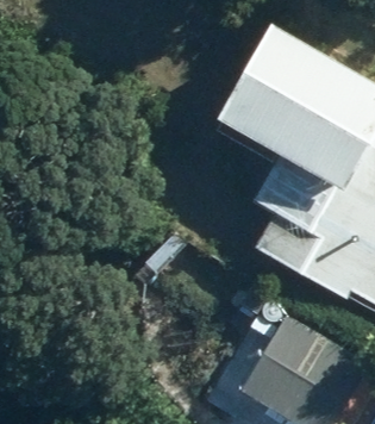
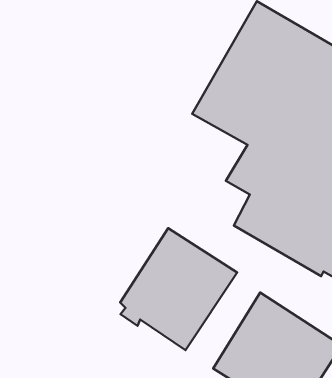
building: none -> [120,228,237,350]

